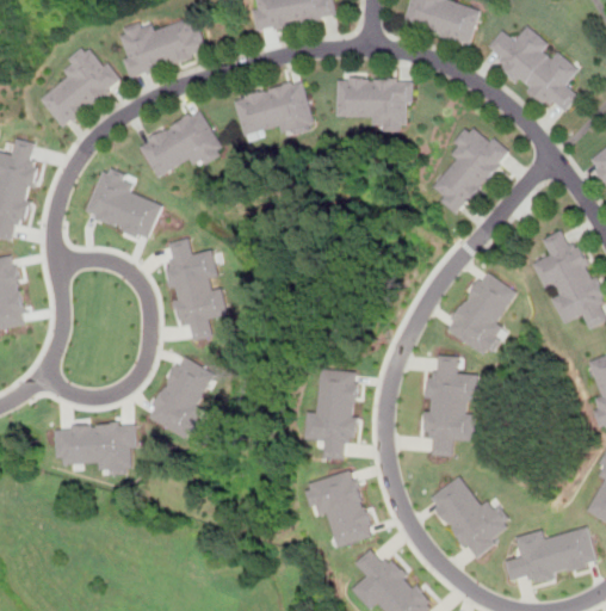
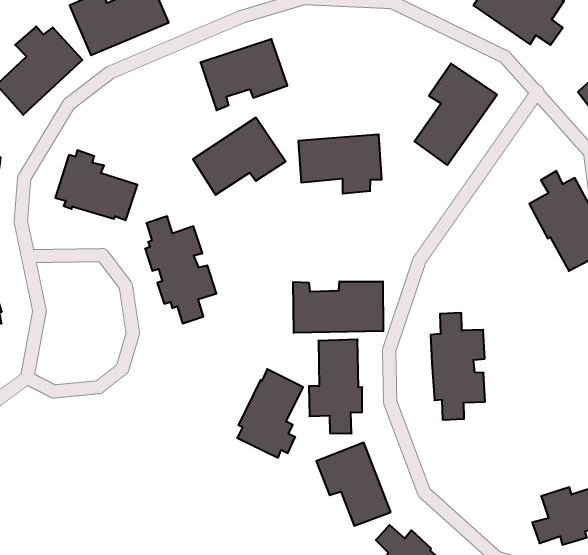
building: [335,76,413,130] -> [298,134,382,194]
building: [138,107,225,177] -> [193,118,286,195]
building: [446,271,515,356] -> none
building: none -> [293,281,383,333]
building: [148,354,215,439] -> [237,369,303,458]
building: [54,421,136,475] -> none
building: [429,476,509,560] -> none

